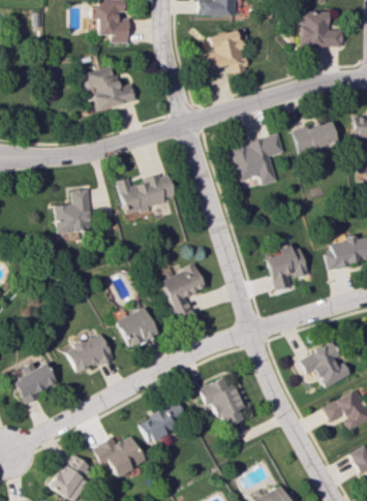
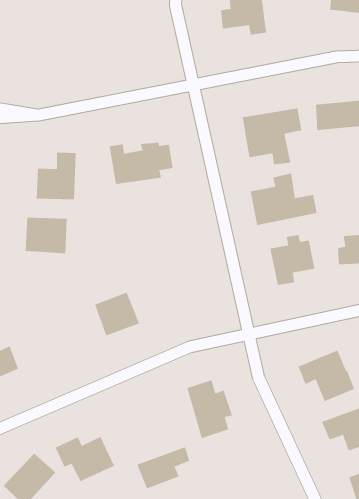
building: [87,65,137,112] -> none
building: none -> [250,173,317,226]
building: none -> [25,217,67,254]
building: [161,264,205,318] -> none
building: [67,334,114,374] -> none
building: [139,402,185,442] -> [137,446,190,489]

